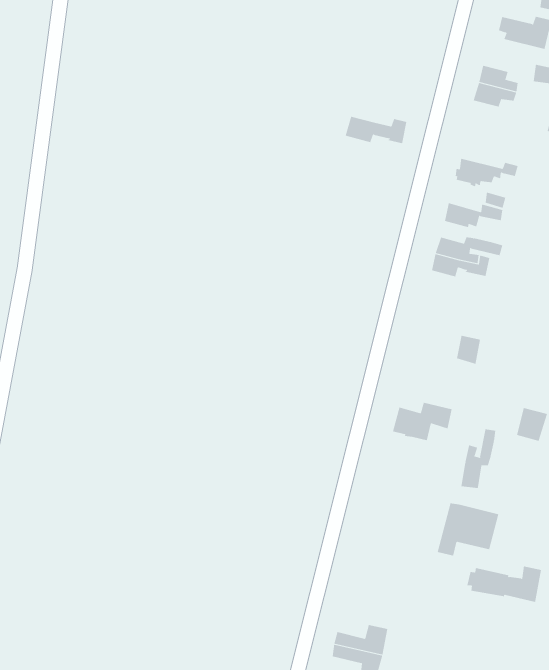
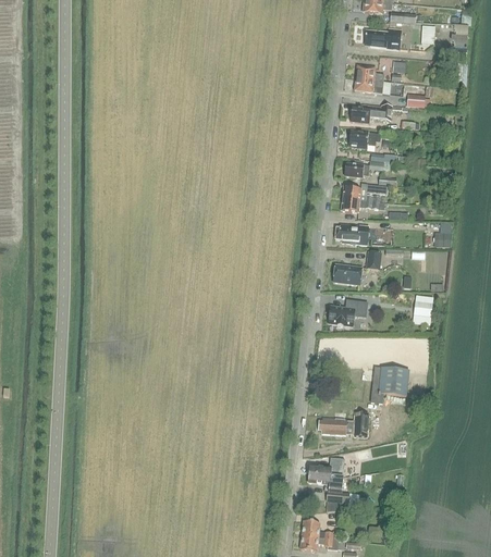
building: [345,116,407,144] -> [351,104,392,123]
building: none -> [335,223,369,245]
building: none -> [333,263,361,284]
building: [461,428,496,489] -> none
building: [466,566,542,603] -> [318,411,368,435]

